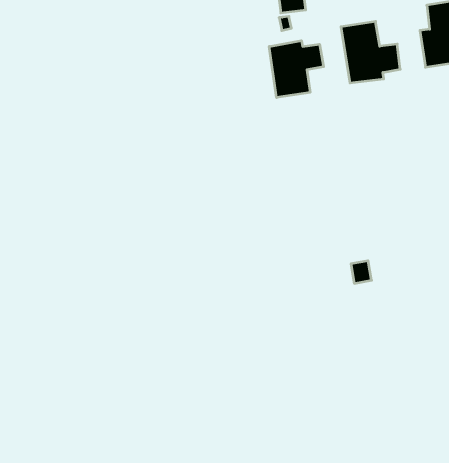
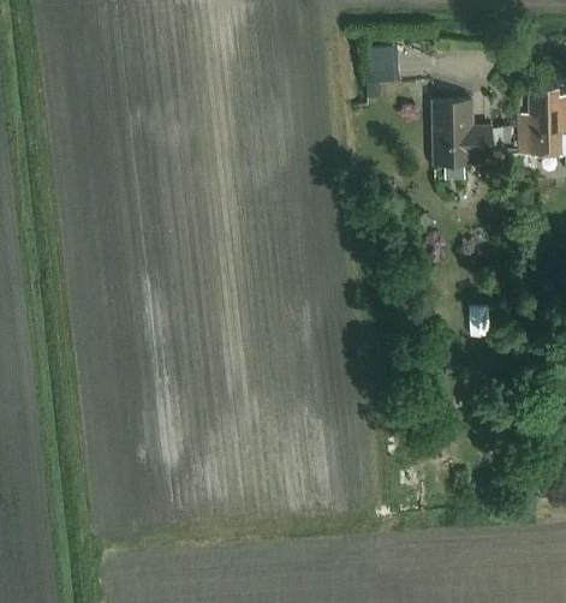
building: [269,41,324,98] -> none

